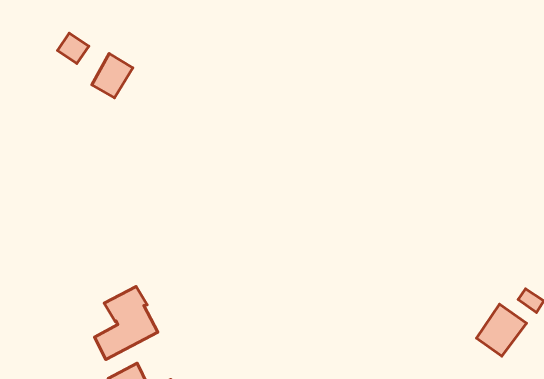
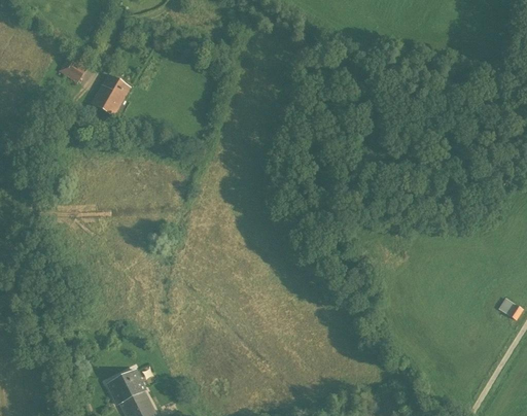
building: [95,286,158,360] -> none
building: [477,304,526,356] -> none

